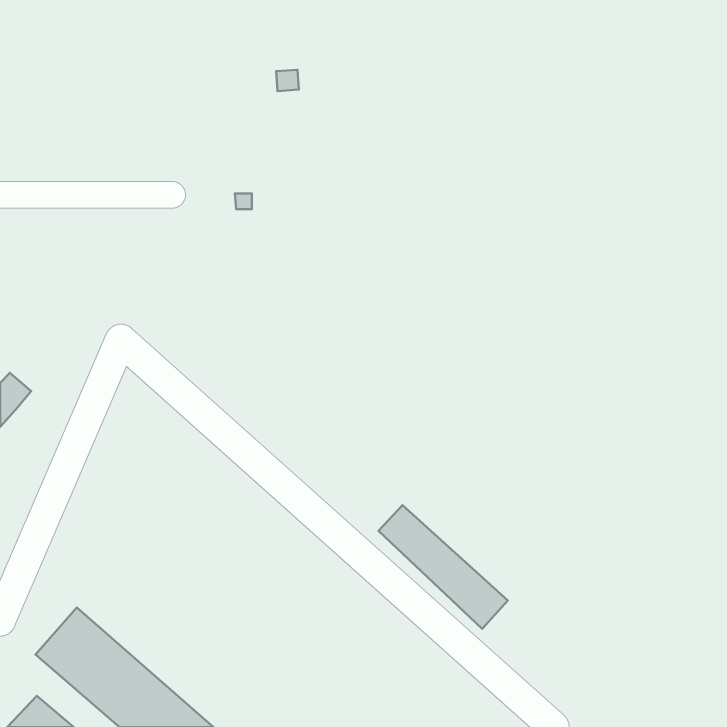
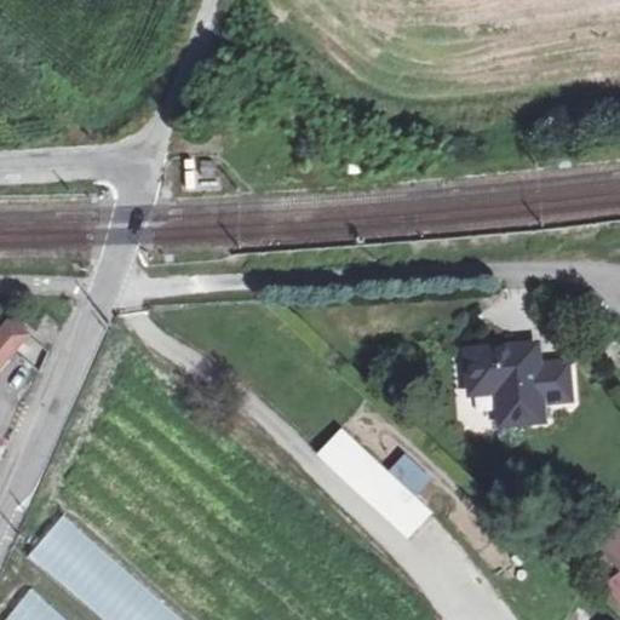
building: none -> [465,345,570,427]

